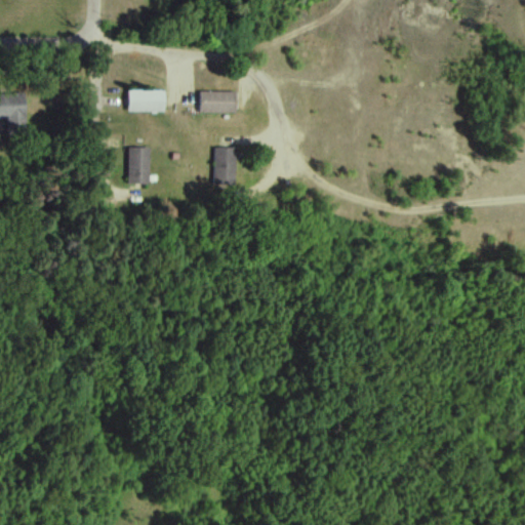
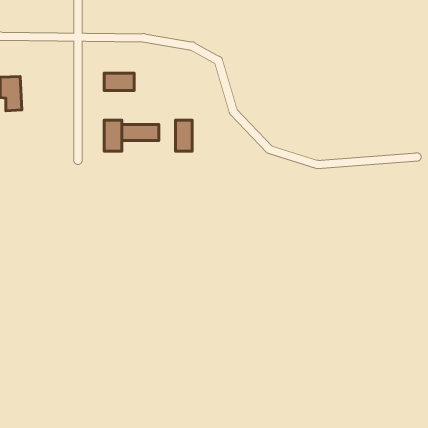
building: [200,91,237,112] -> none
building: none -> [122,124,159,140]

